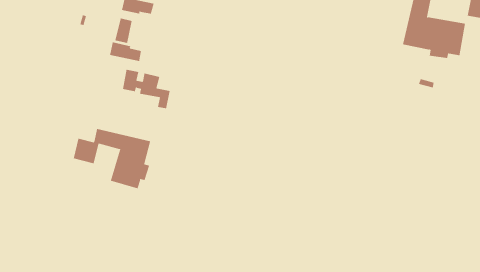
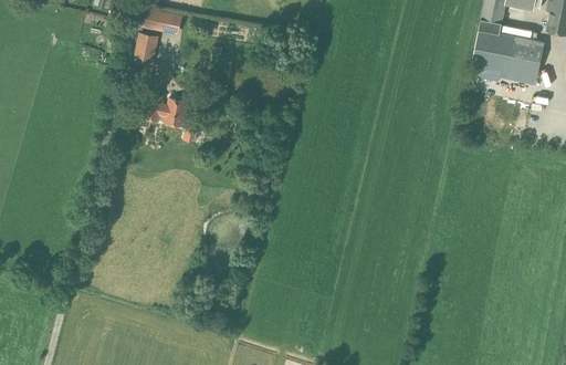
building: [109,41,141,62] -> none
building: [73,128,151,189] -> none

